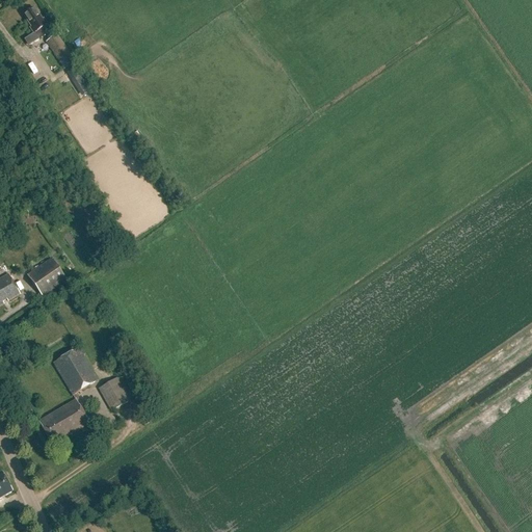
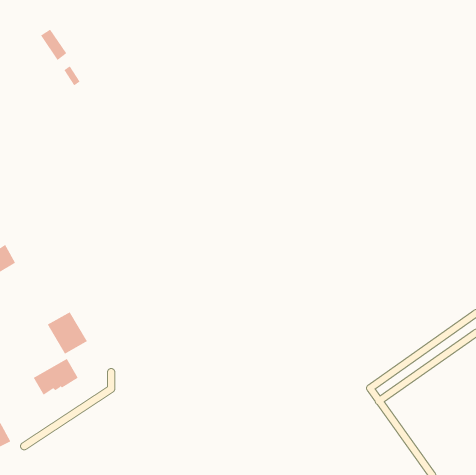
building: [21,5,48,36] -> none
building: [26,256,66,296] -> none
building: [97,375,128,407] -> none

